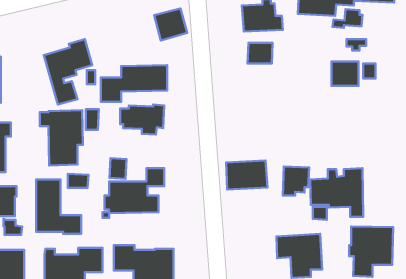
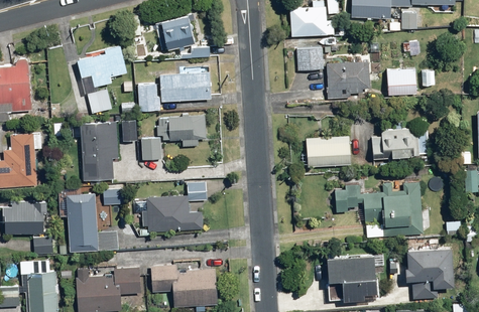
building: [154,9,187,40] -> [160,16,196,50]
building: none -> [327,62,369,100]
building: none -> [372,129,427,160]
building: [110,158,126,179] -> [142,138,160,160]
building: [226,161,267,190] -> [307,136,351,167]

